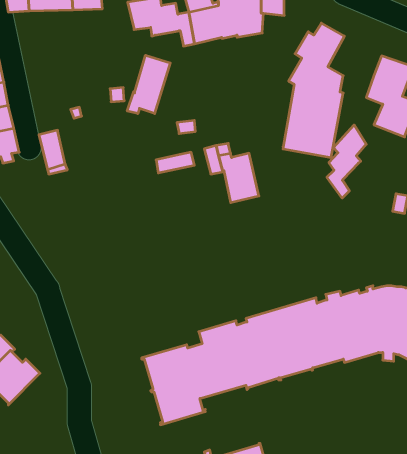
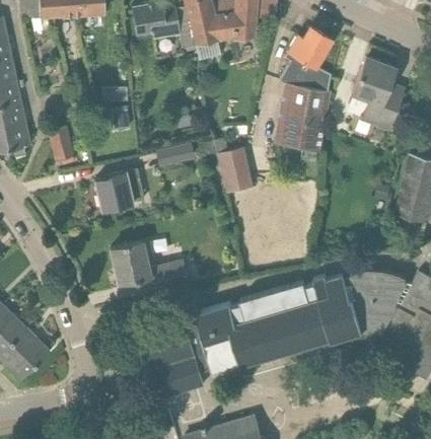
building: [127,55,170,114] -> none
building: [327,125,366,198] -> none
building: none -> [94,171,142,210]
building: none -> [111,241,190,291]

